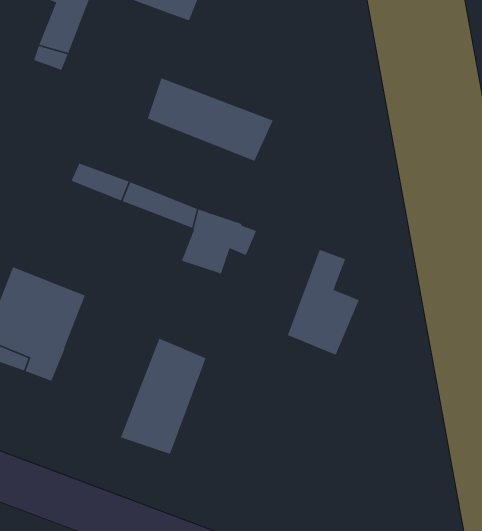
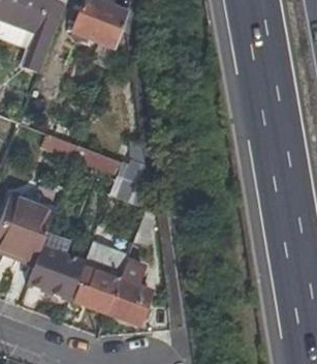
building: [147,77,274,162] -> none
building: [287,249,360,356] -> [104,257,149,323]
building: none -> [27,245,74,294]

